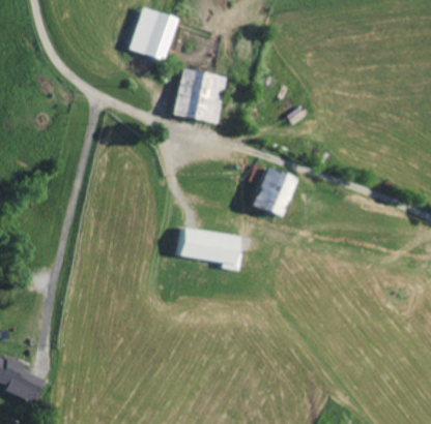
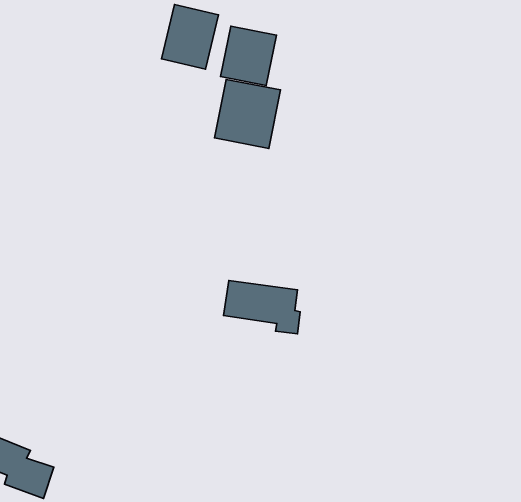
building: none -> [221,26,276,85]
building: [249,165,291,216] -> none

